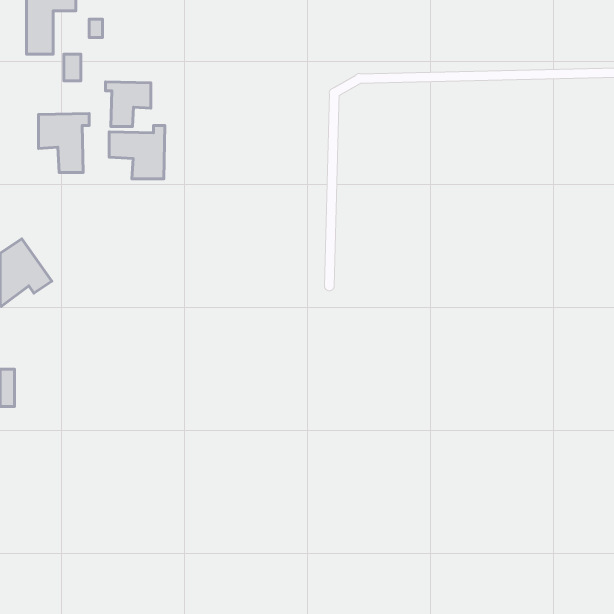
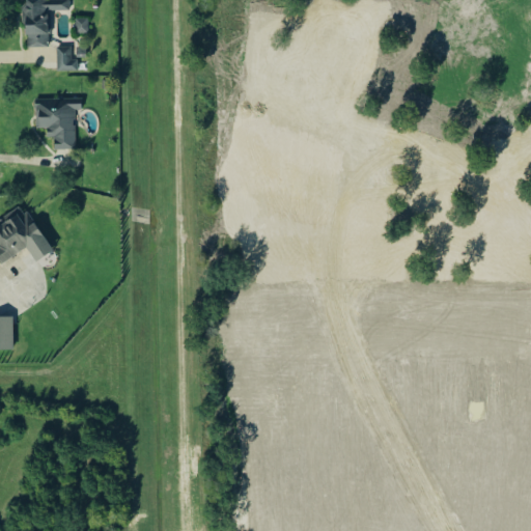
building: [105,82,151,126] -> none
building: [109,125,165,179] -> none

